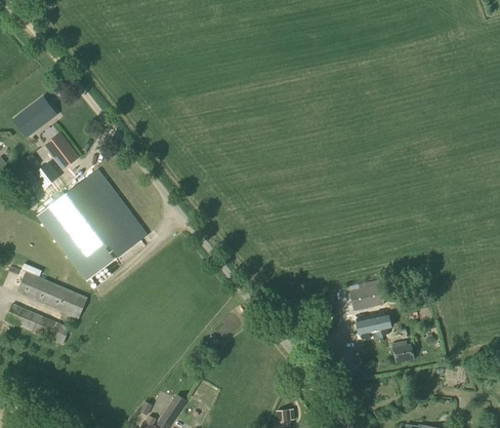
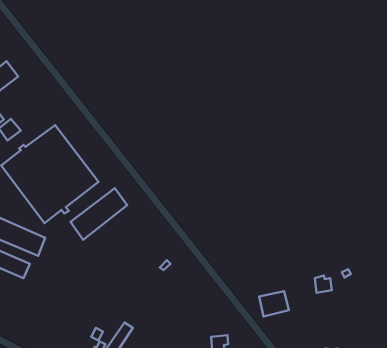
building: [44,131,78,167] -> none
building: none -> [70,188,127,240]
building: [348,280,384,311] -> none
building: [355,310,388,339] -> [259,291,289,316]

